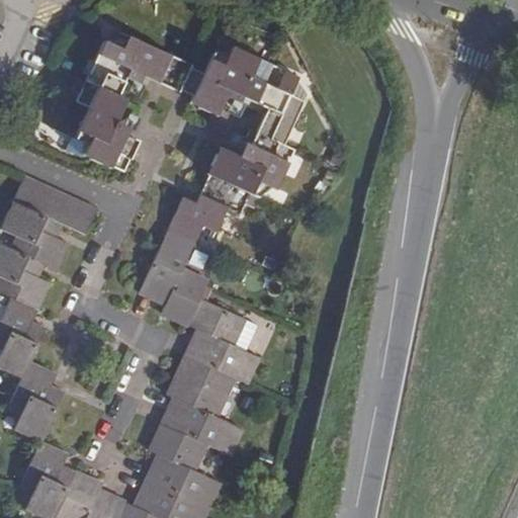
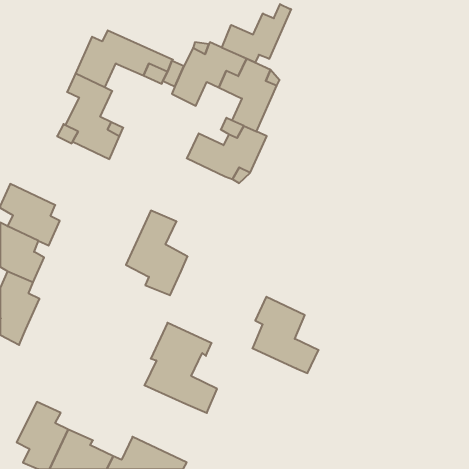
building: none -> [222,4,291,63]
building: [167,174,249,244] -> none
building: [12,176,89,233] -> none
building: [185,298,258,382] -> [252,297,319,373]
building: [9,362,64,442] -> none
building: [147,424,219,509] -> none

